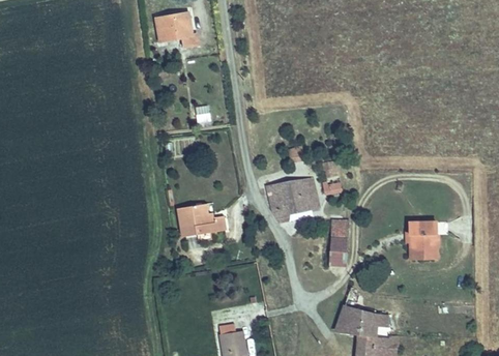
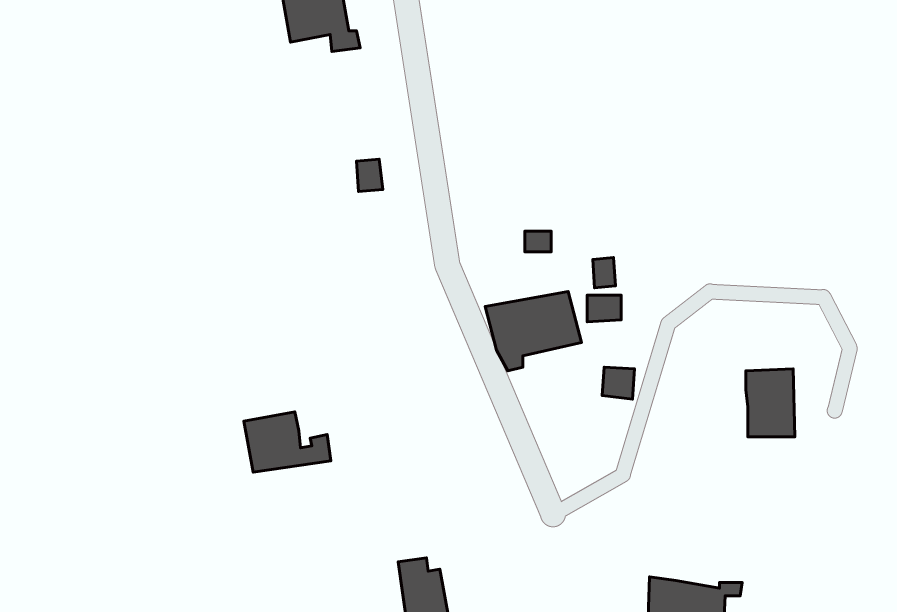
building: [178,203,226,236] -> [244,412,331,472]
building: [329,235,348,265] -> none
building: [336,306,387,336] -> none

